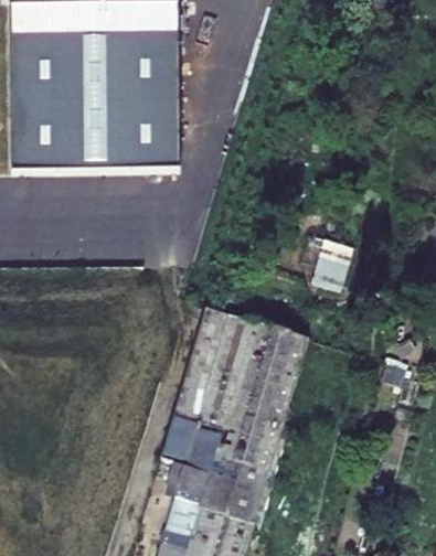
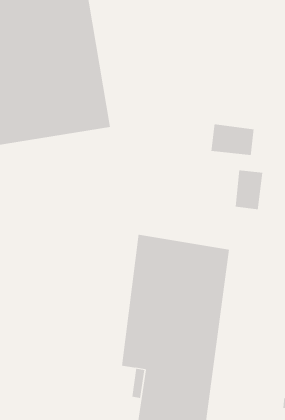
building: none -> [211,124,254,156]

